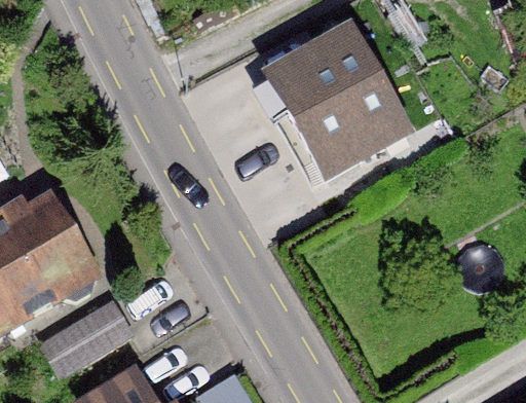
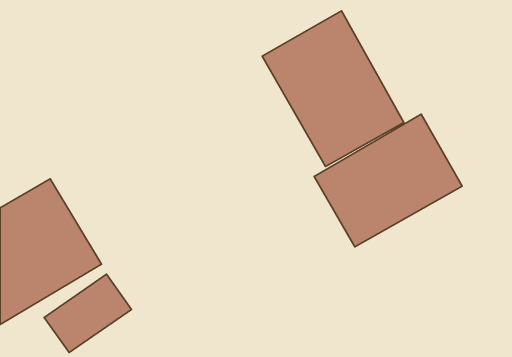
building: none -> [314,114,462,247]

